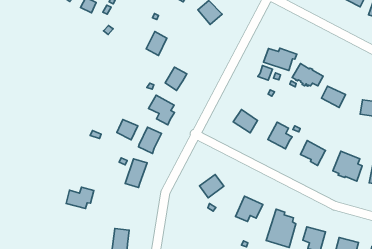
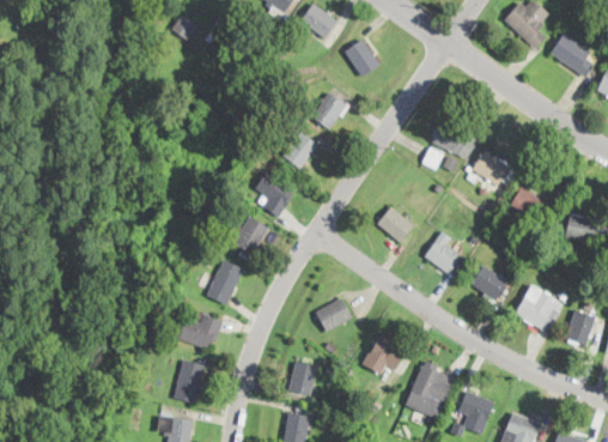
building: [146,32,167,56] -> [314,92,346,128]
building: [117,119,138,140] -> none
building: [66,187,94,209] -> [180,315,223,347]
building: none -> [284,361,317,394]

